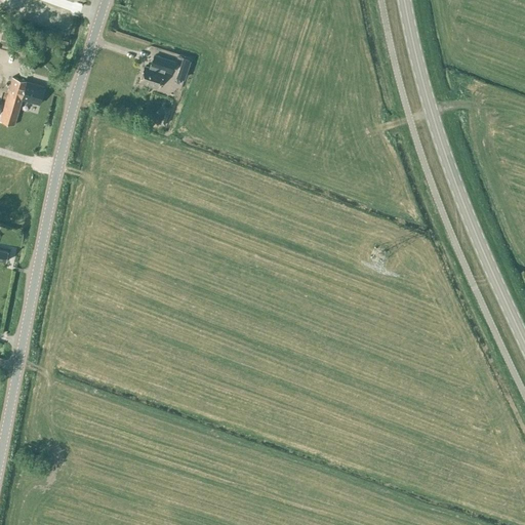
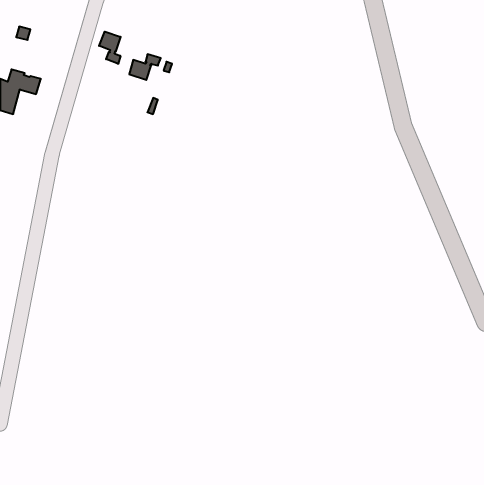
building: none -> [99,32,121,64]

